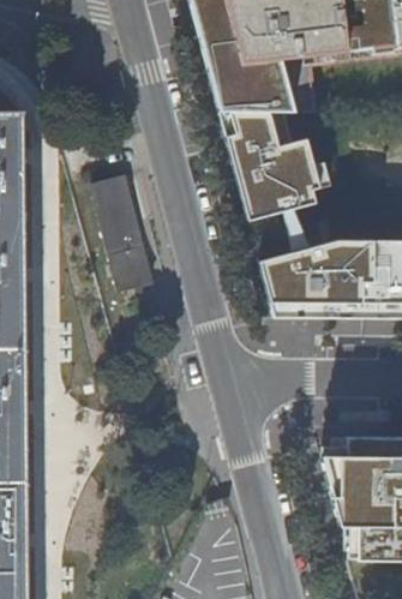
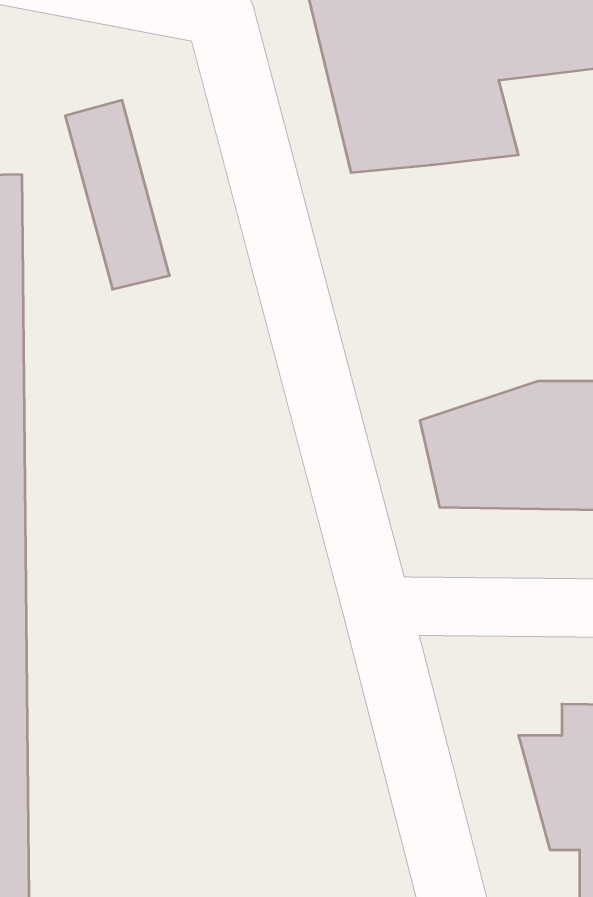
building: [221,108,334,220] -> none
building: [96,178,160,293] -> [65,100,170,289]

